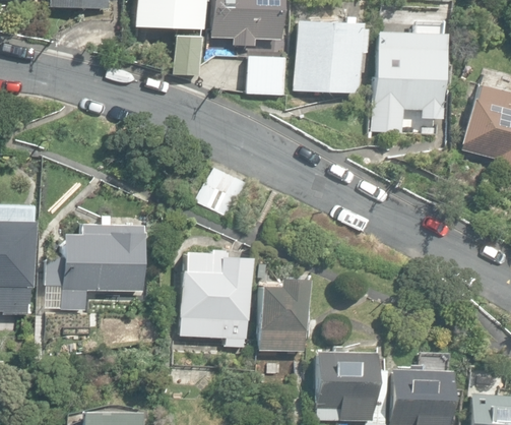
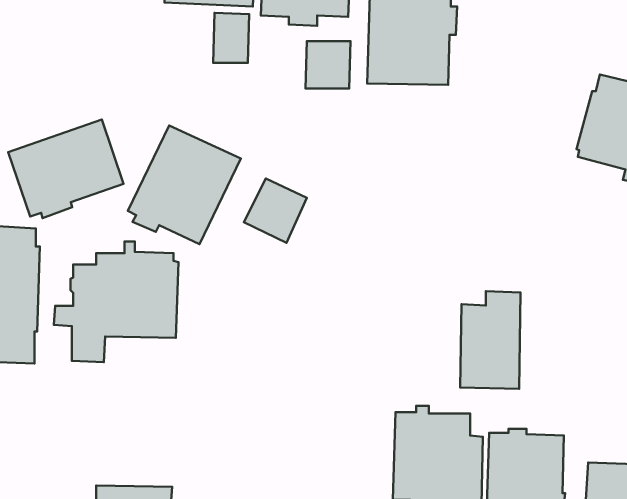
building: [374,32,446,119] -> none
building: none -> [8,119,124,218]
building: none -> [128,125,241,244]
building: [180,250,251,347] -> none
building: [259,275,307,352] -> [460,291,521,389]

